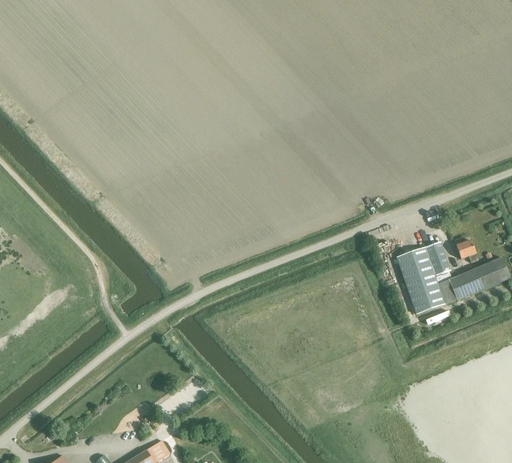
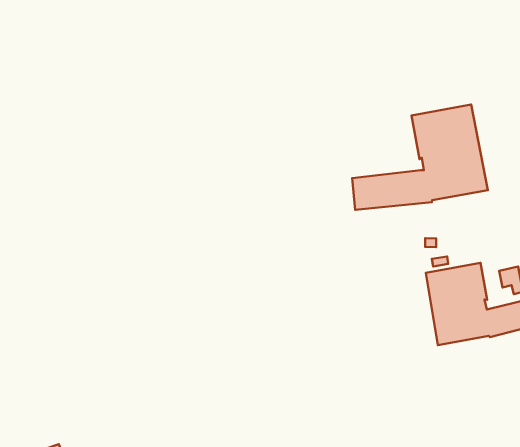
building: none -> [352,105,488,210]

